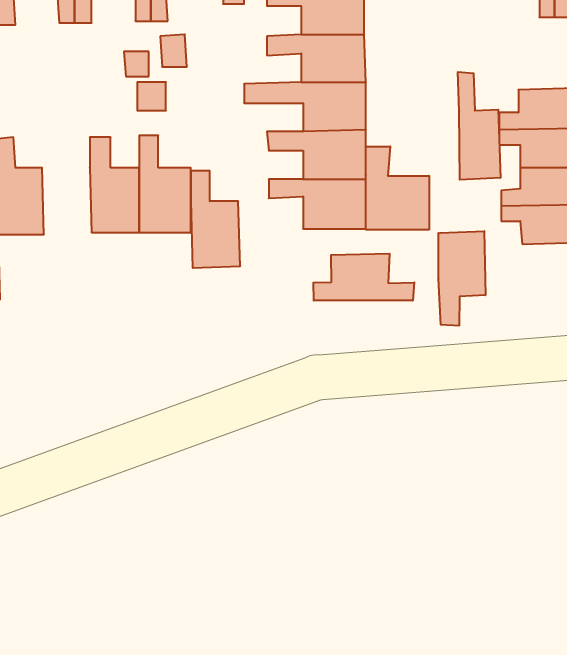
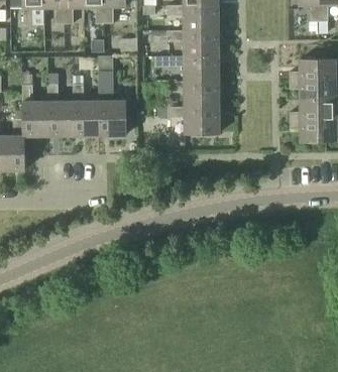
building: [458,72,500,180] -> none
building: [366,146,429,230] -> none
building: [191,171,240,268] -> [47,85,74,136]
building: [438,231,485,326] -> none
building: [313,254,414,301] -> none

